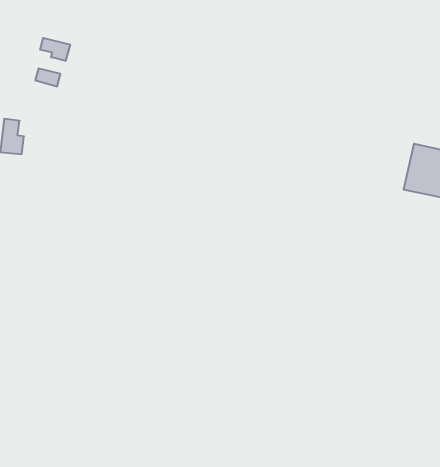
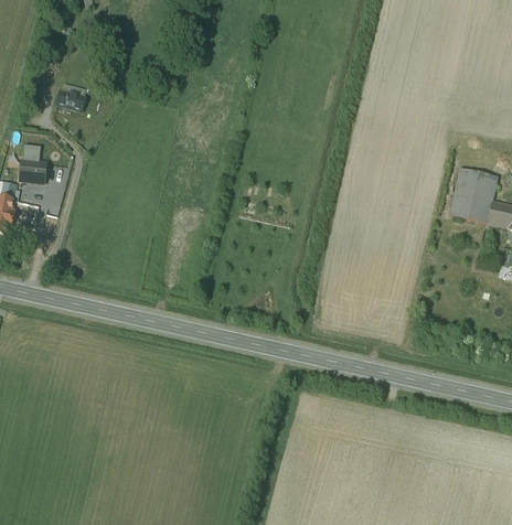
building: [40,38,70,61] -> none

